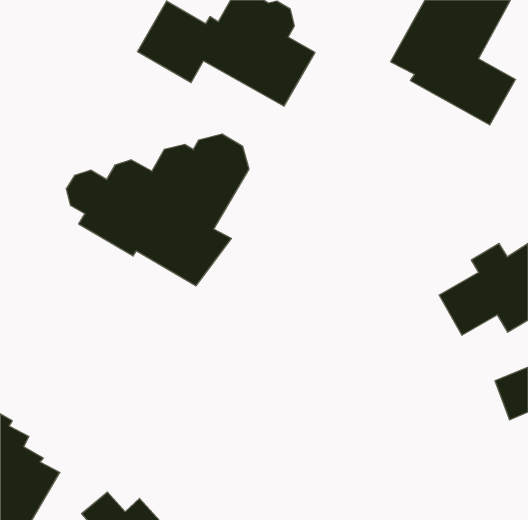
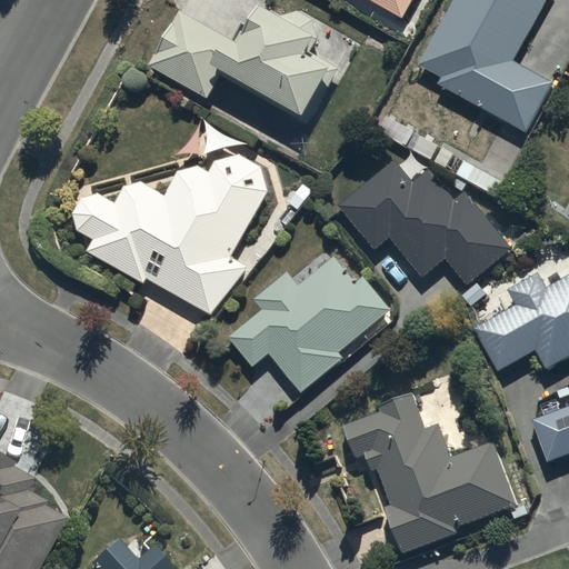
building: none -> [338,159,512,284]
building: none -> [228,254,392,391]
building: none -> [345,391,516,551]

